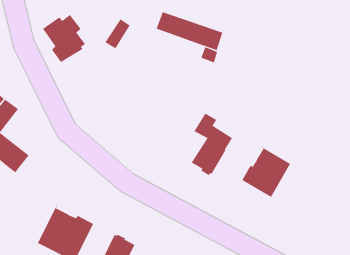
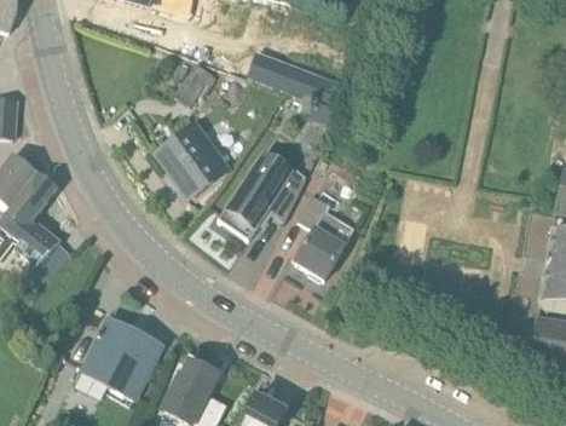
building: [42,14,86,63] -> [162,128,223,196]
building: none -> [218,150,305,238]
building: [242,146,291,198] -> none

